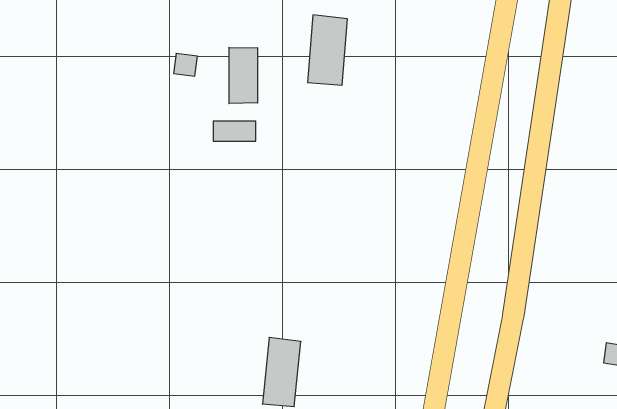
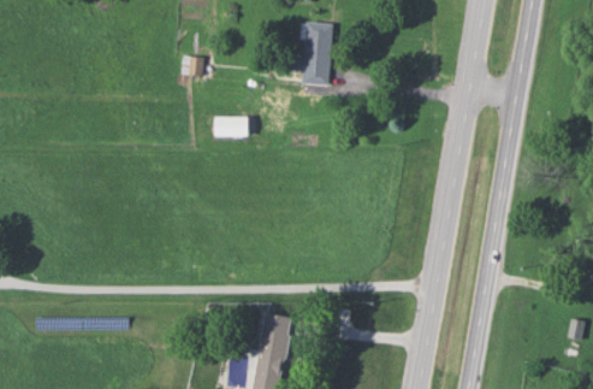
building: [229,47,258,104] -> none

